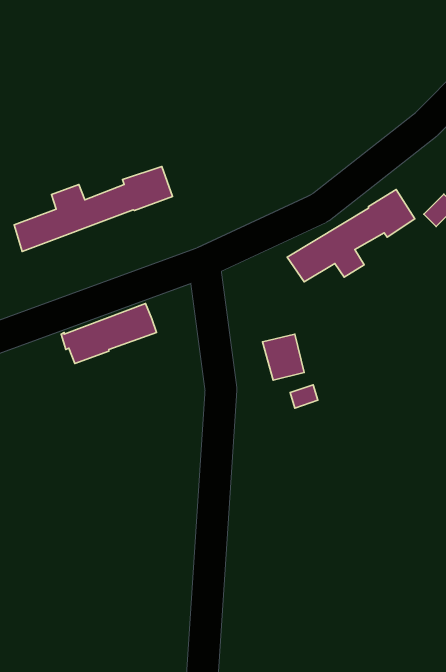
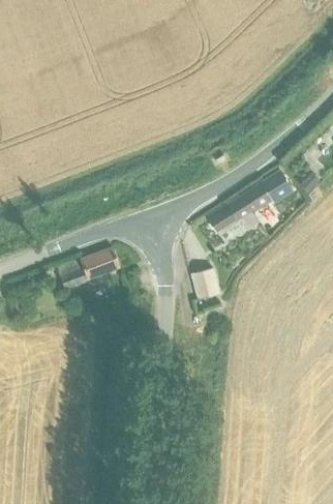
building: [14,166,172,252] -> none

